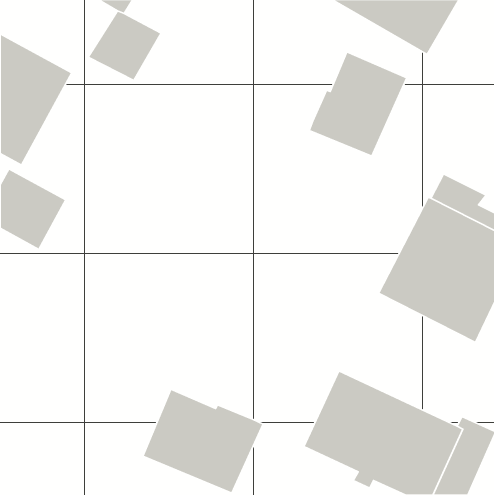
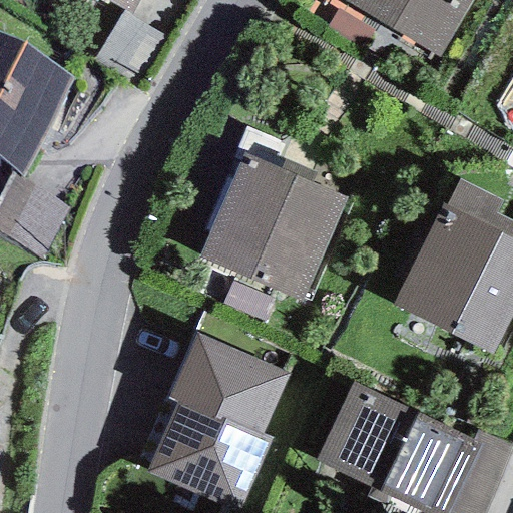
building: [309,52,407,156] -> none
building: none -> [199,152,348,300]
building: none -> [168,333,289,433]

